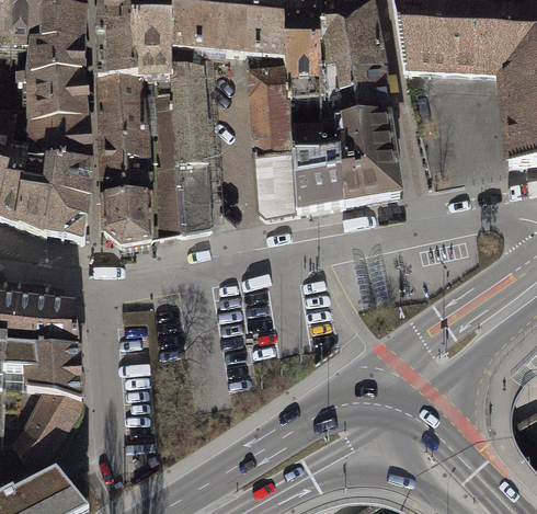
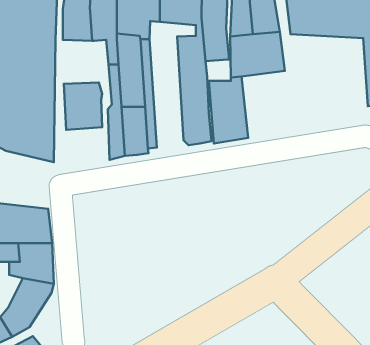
building: [94,73,142,133] -> none
building: [334,115,403,205] -> none
building: [99,191,148,241] -> none

